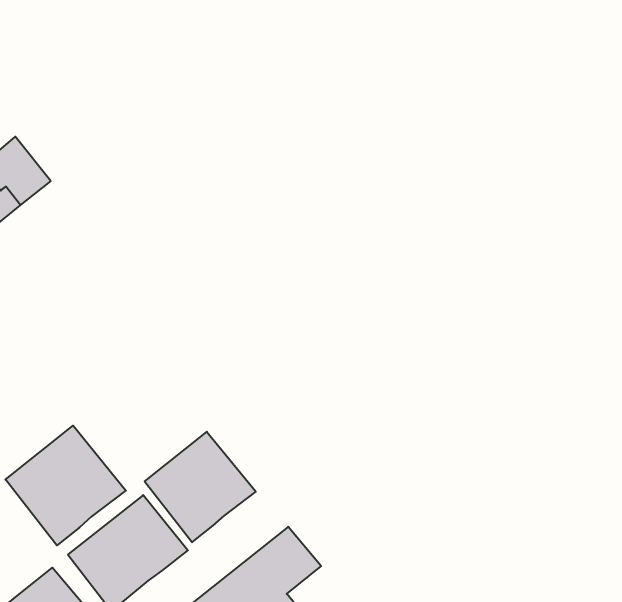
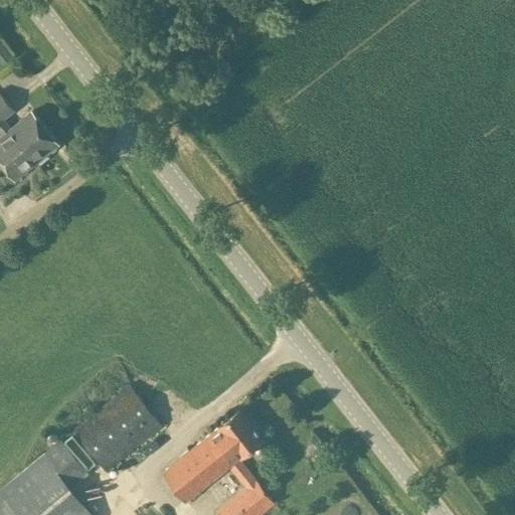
building: [5,426,126,545] -> none
building: [145,432,256,542] -> none

